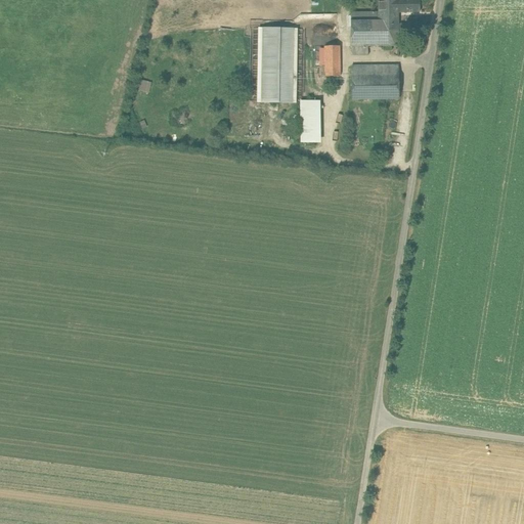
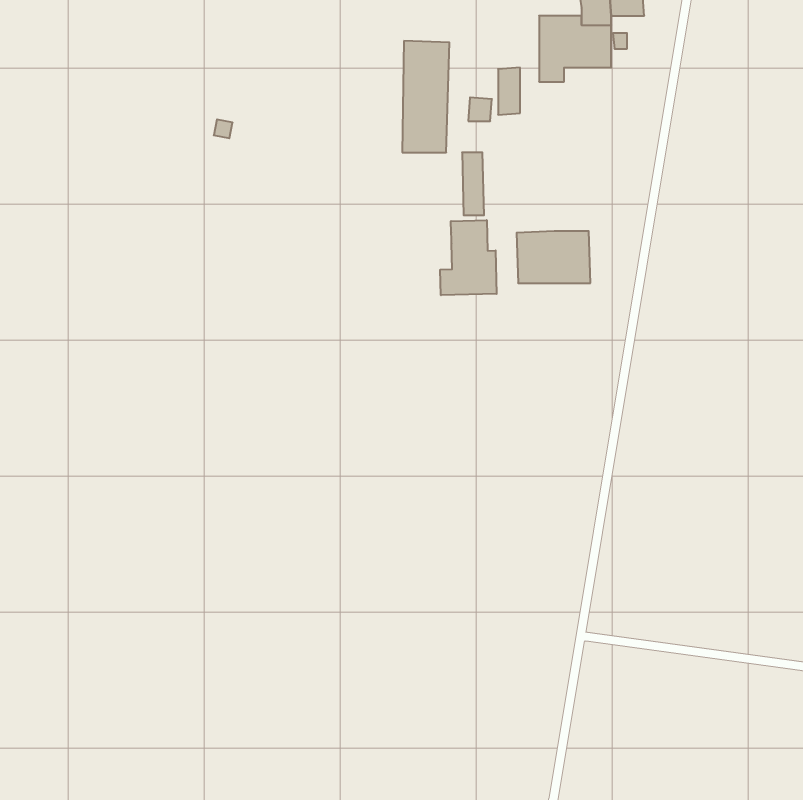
building: [351,63,399,97] -> [517,231,590,283]
building: none -> [440,220,497,295]

